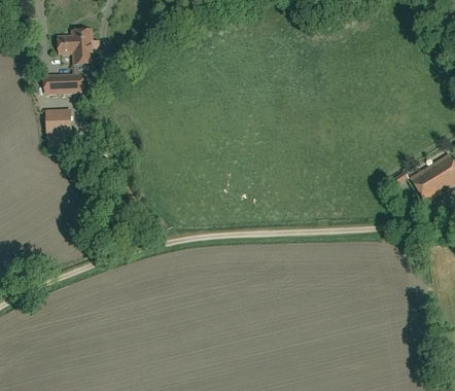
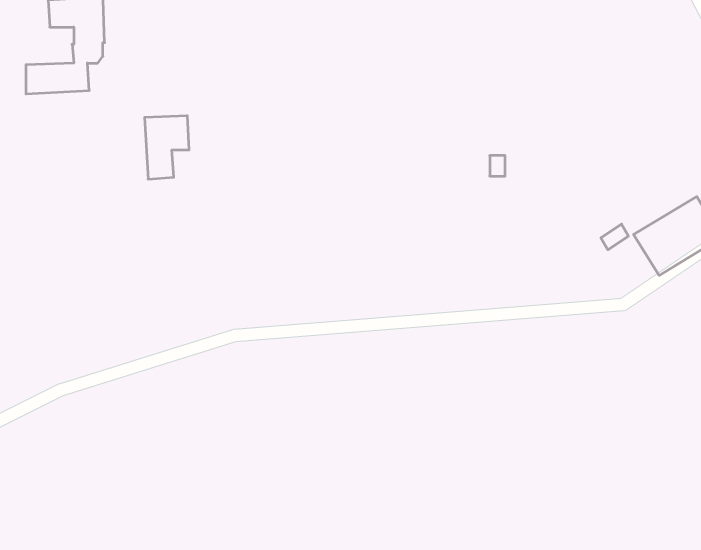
building: [46,108,73,146] -> [145,116,189,179]

